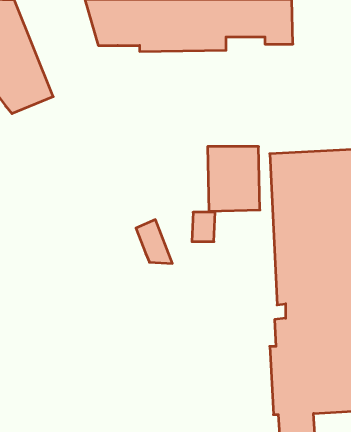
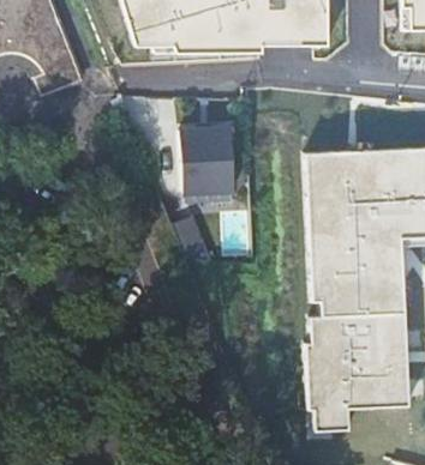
building: [208,147,260,211] -> [182,129,234,193]

